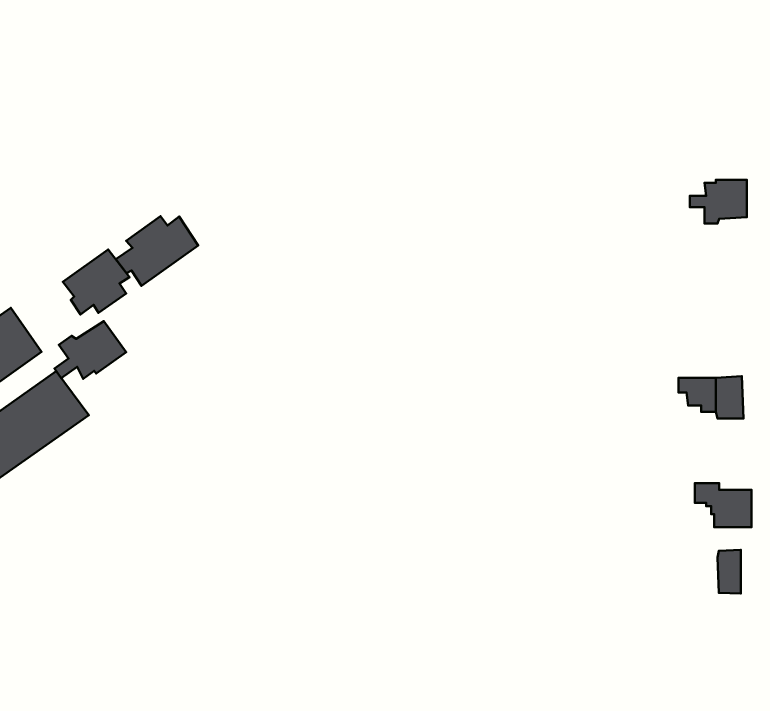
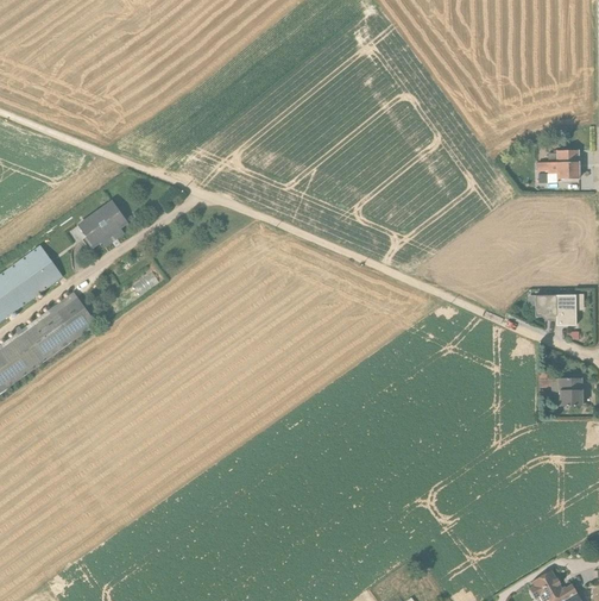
building: [116,216,198,286] -> none
building: [55,321,126,379] -> none
building: [718,550,741,594] -> none

